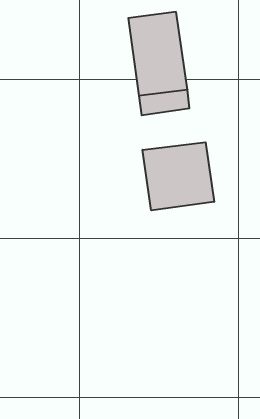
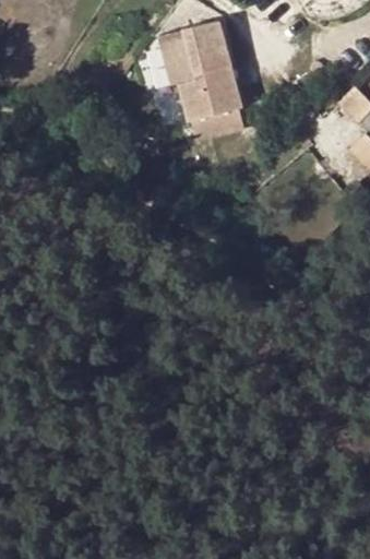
building: [143,142,214,210] -> none

